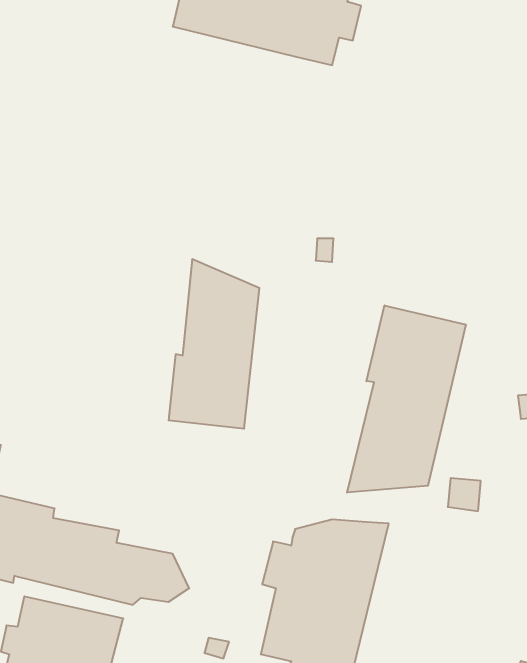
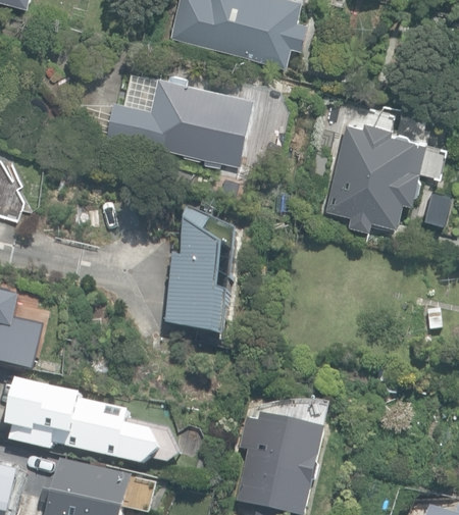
building: none -> [102,78,256,167]
building: none -> [322,121,426,233]
building: [347,305,466,493] -> none

